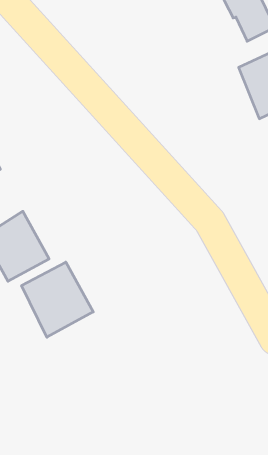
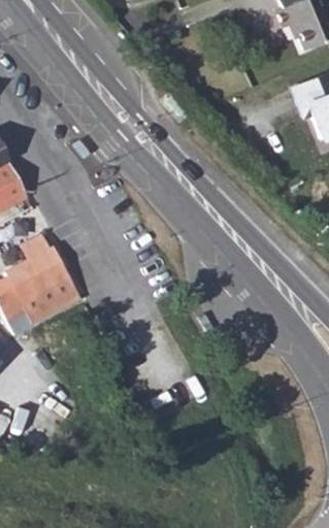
building: [22,262,93,337] -> none

